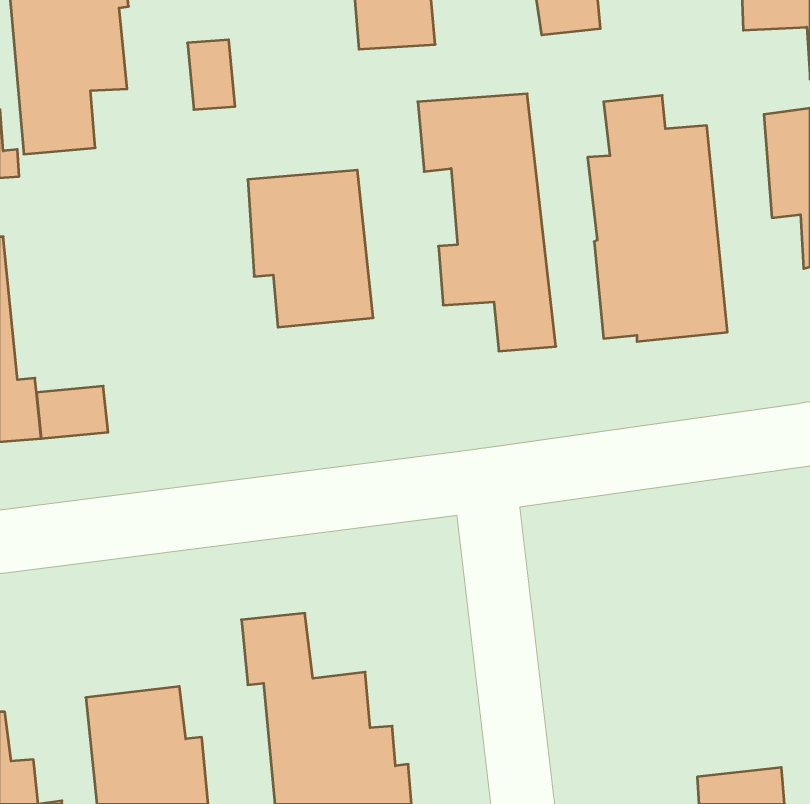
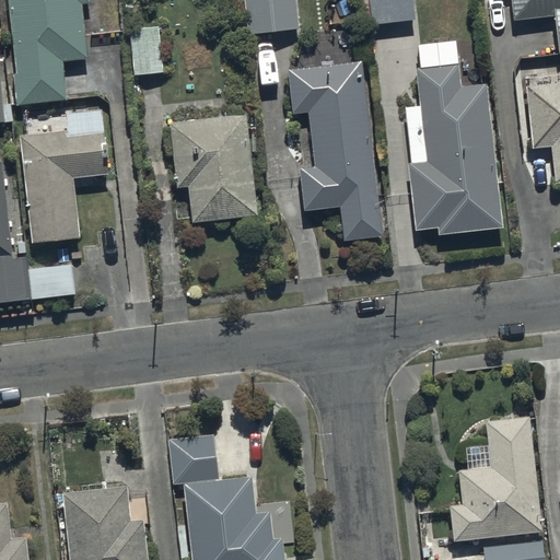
building: none -> [21,113,107,246]
building: none -> [446,404,537,528]

